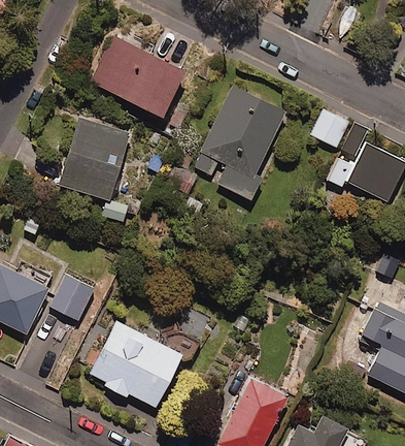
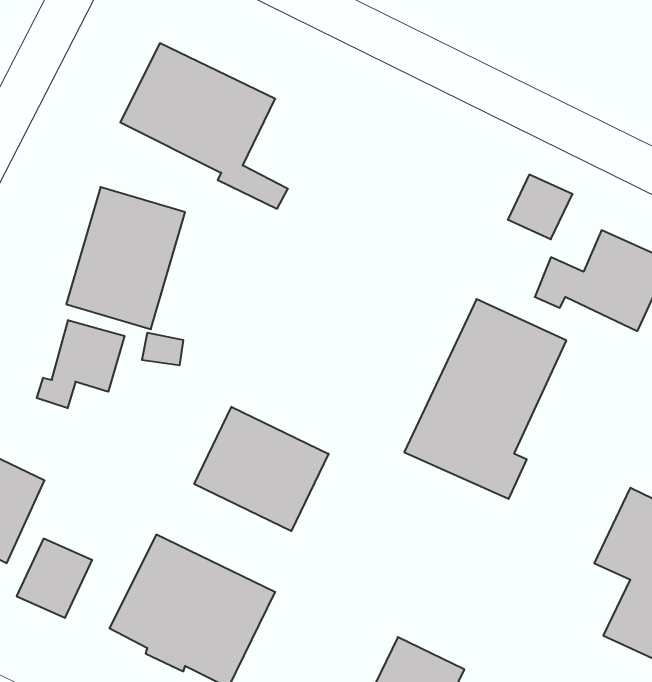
building: [192,85,284,199] -> [404,299,566,499]
building: none -> [37,320,124,408]
building: none -> [194,407,329,531]
building: [49,275,93,320] -> [17,539,92,618]

